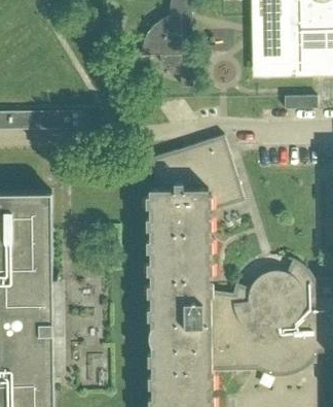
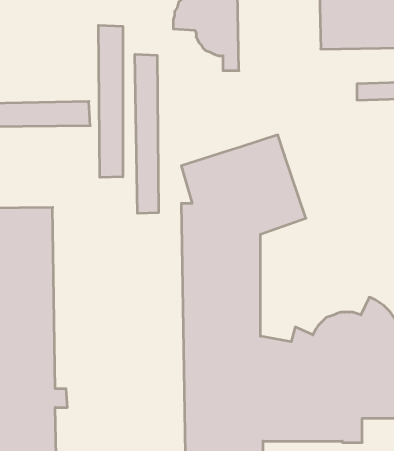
building: none -> [98,25,123,177]
building: none -> [135,54,158,213]

